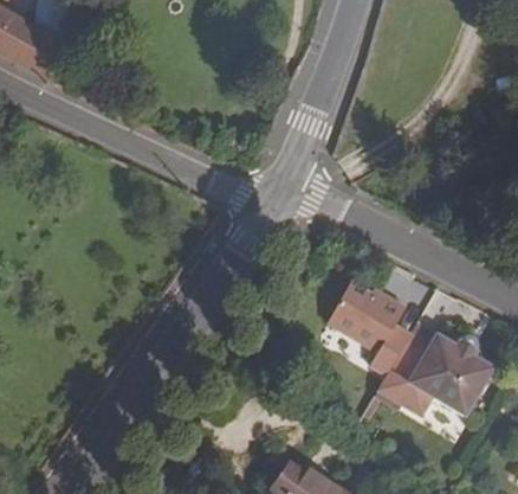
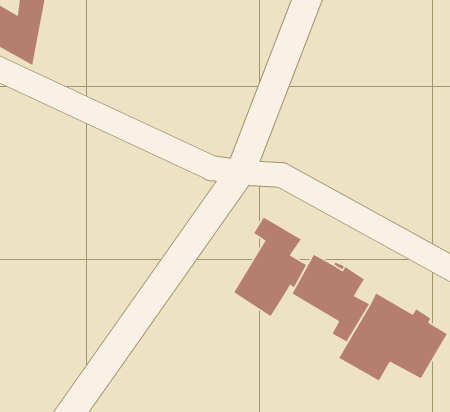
building: none -> [233,216,307,317]

